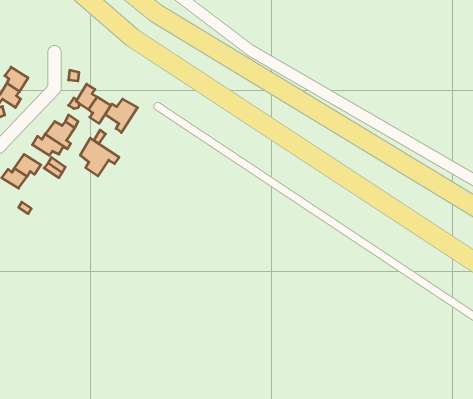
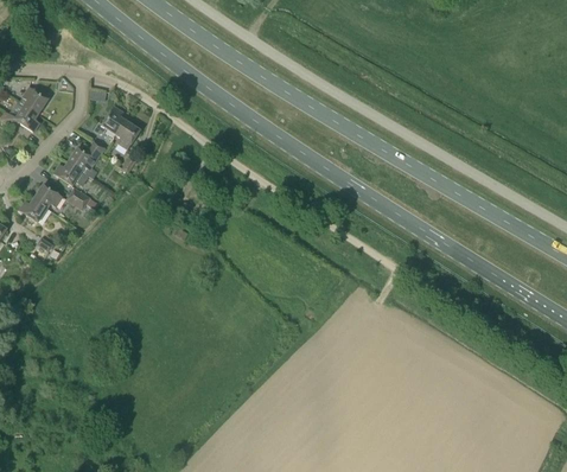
building: [105,99,138,133] -> none
building: [80,138,119,176] -> none

